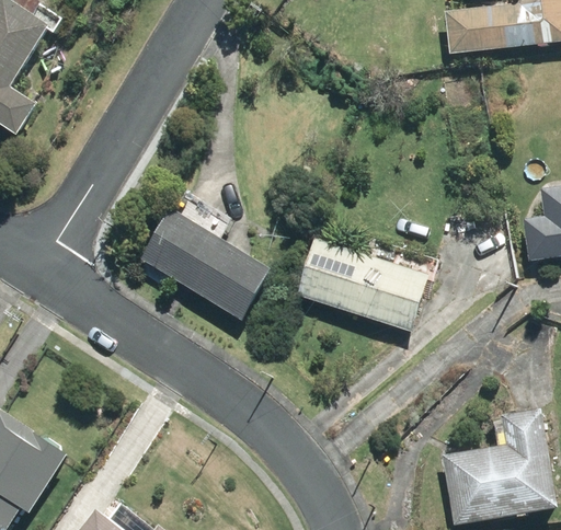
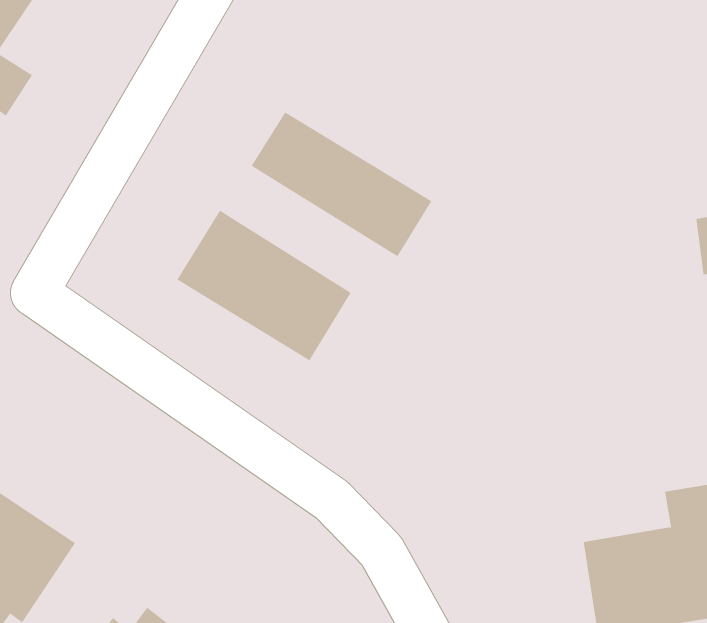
building: none -> [251,111,432,257]
building: [296,237,430,331] -> none

